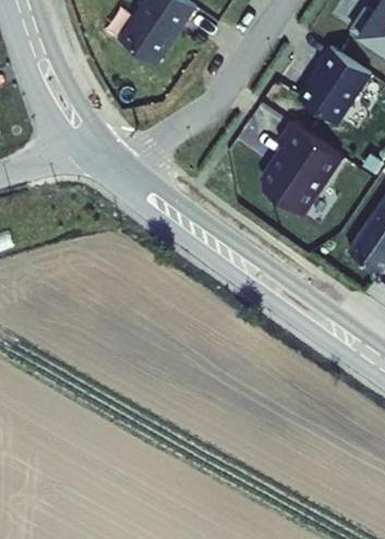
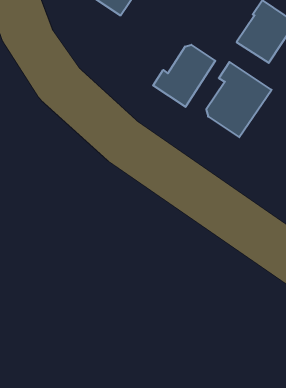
building: none -> [153,45,215,107]

